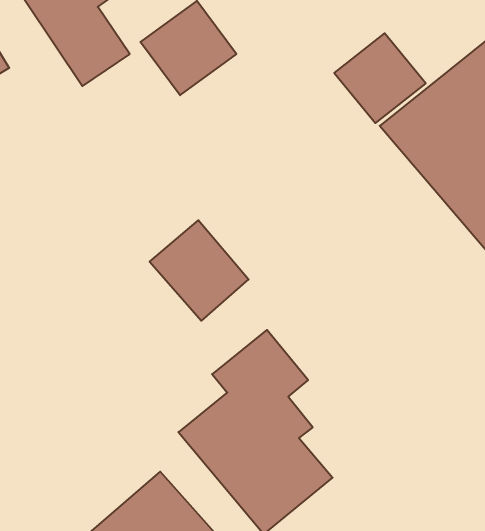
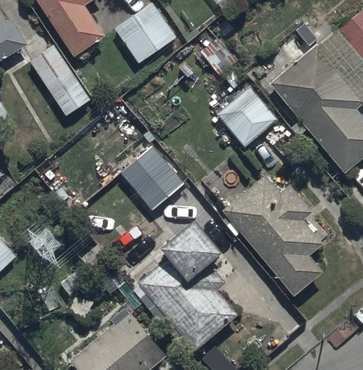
building: [334,33,426,123] -> [217,88,277,147]
building: none -> [29,45,90,117]
building: none -> [221,173,323,295]

